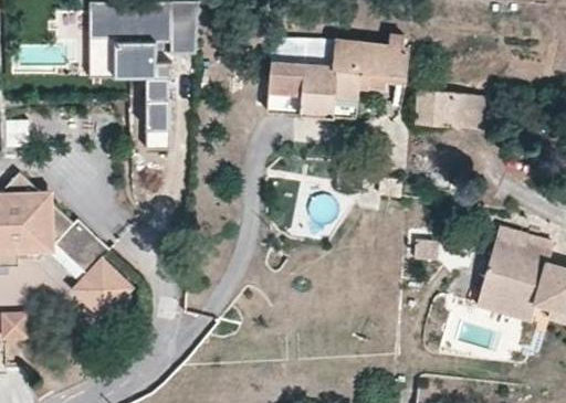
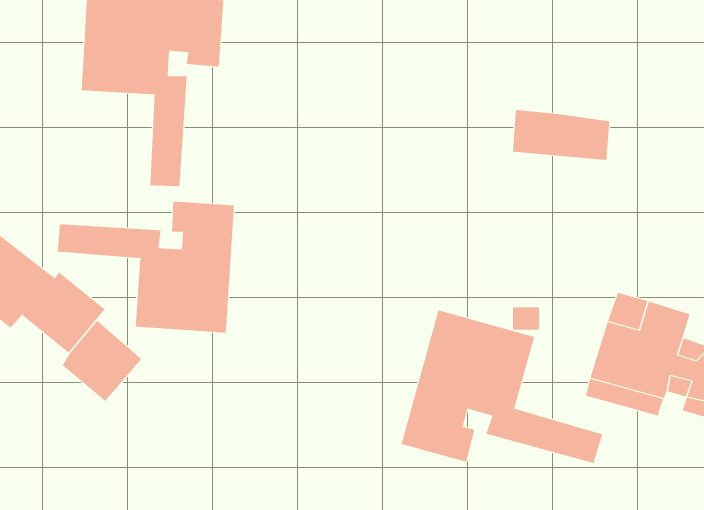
building: [269,34,410,118] -> none
building: none -> [57,201,234,334]
building: none -> [401,309,603,464]

